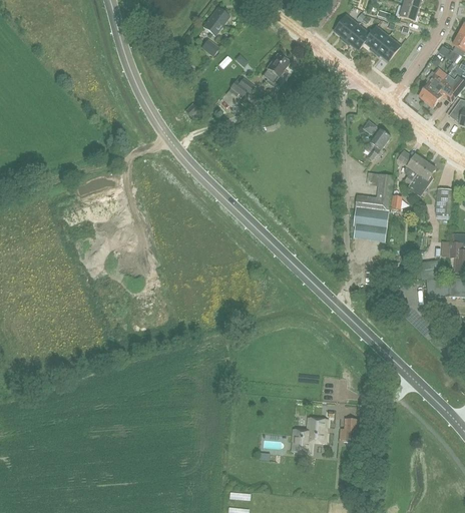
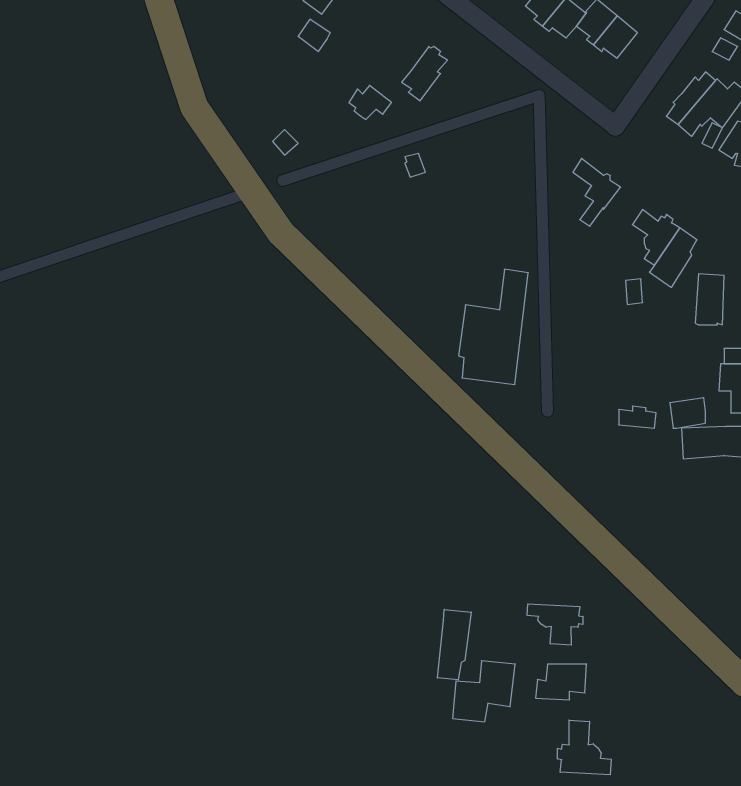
building: [352,172,393,240] -> [459,269,528,385]
building: none -> [527,604,583,645]
building: none -> [437,609,471,680]
building: none -> [557,720,611,775]

